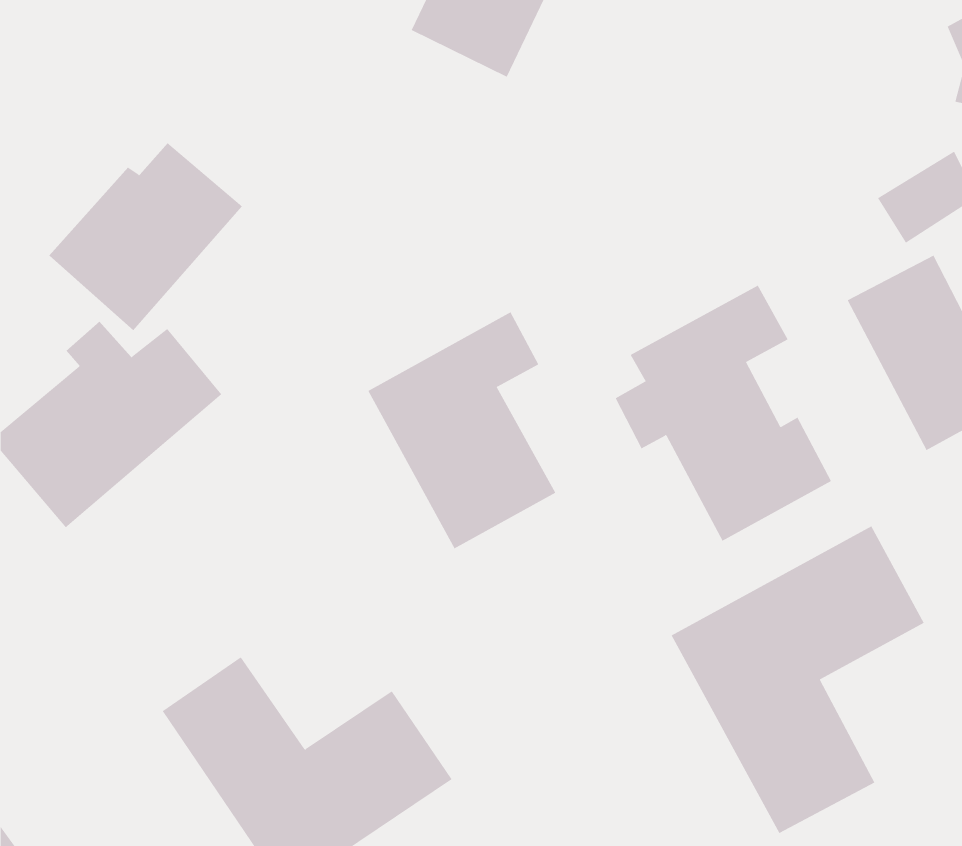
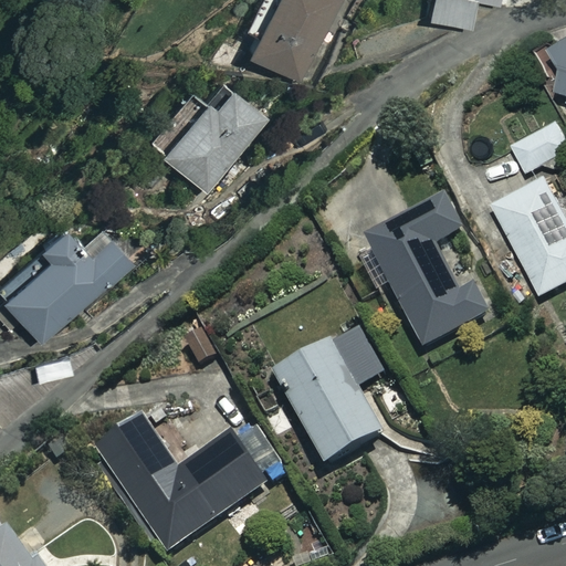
building: [49,142,243,331] -> [154,78,268,189]
building: [367,312,556,549] -> [274,326,385,465]
building: [671,525,924,834] -> none

